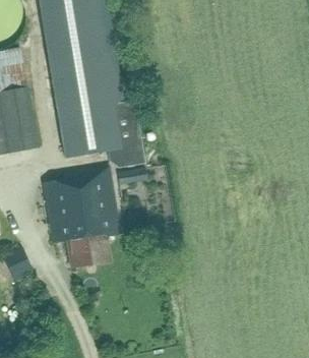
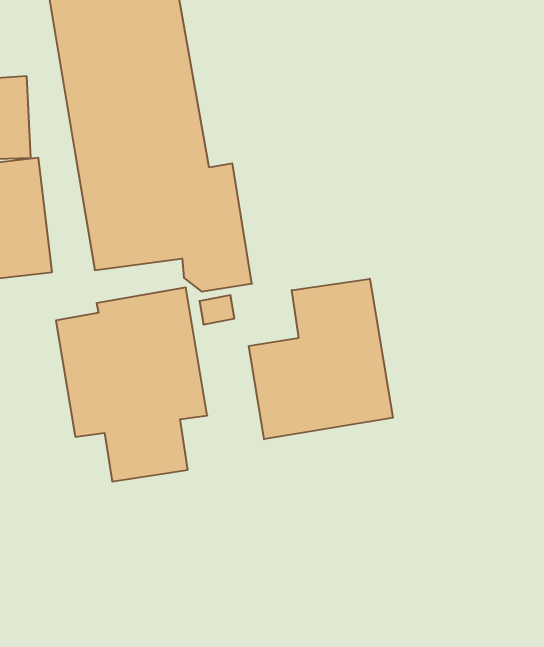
building: none -> [249,279,393,439]

